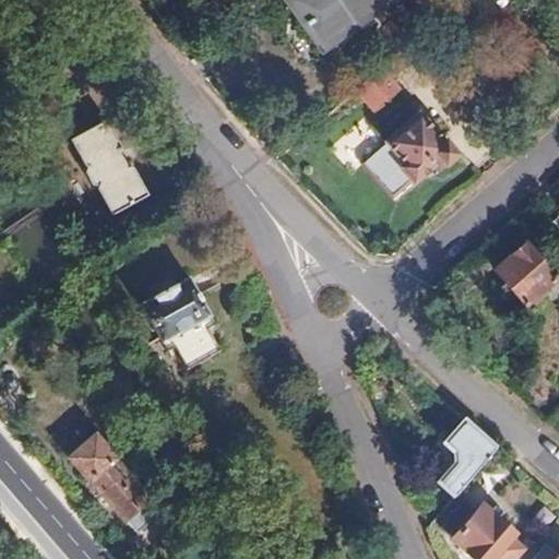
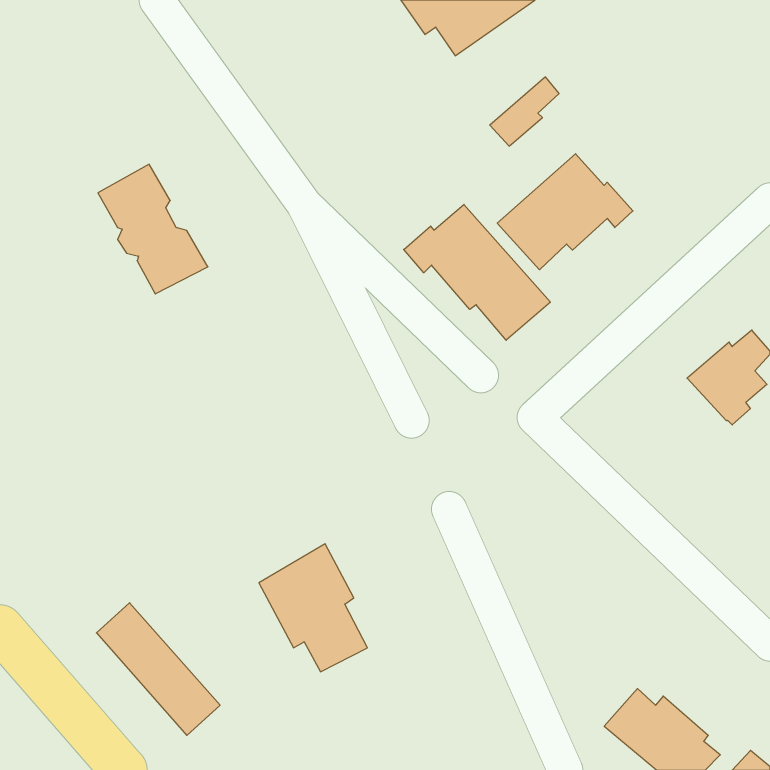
building: none -> [404,204,550,340]
building: [141,276,219,369] -> [259,544,367,672]
building: [436,419,493,497] -> none

